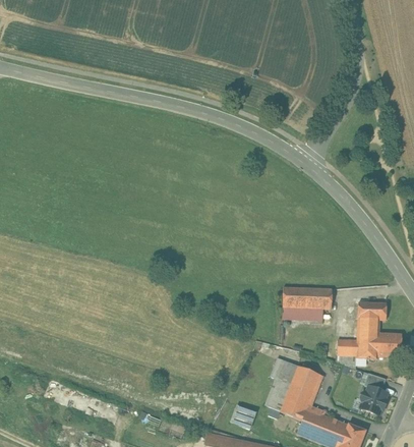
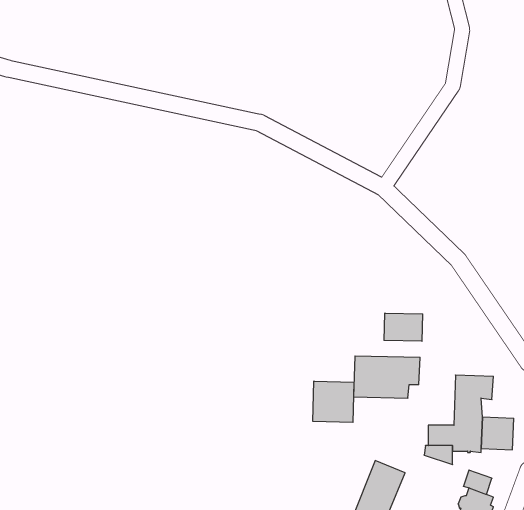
building: none -> [384,313,423,341]
building: none -> [313,381,354,422]

